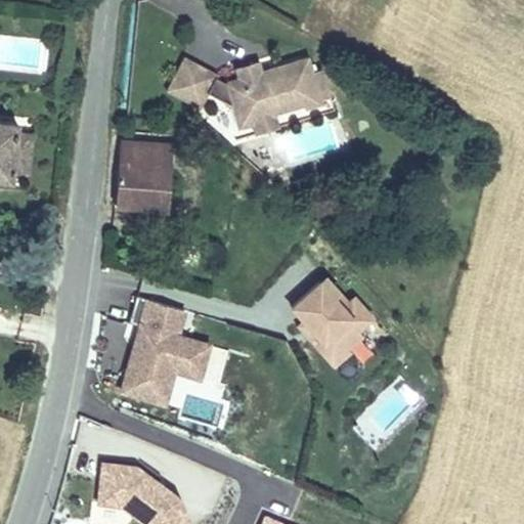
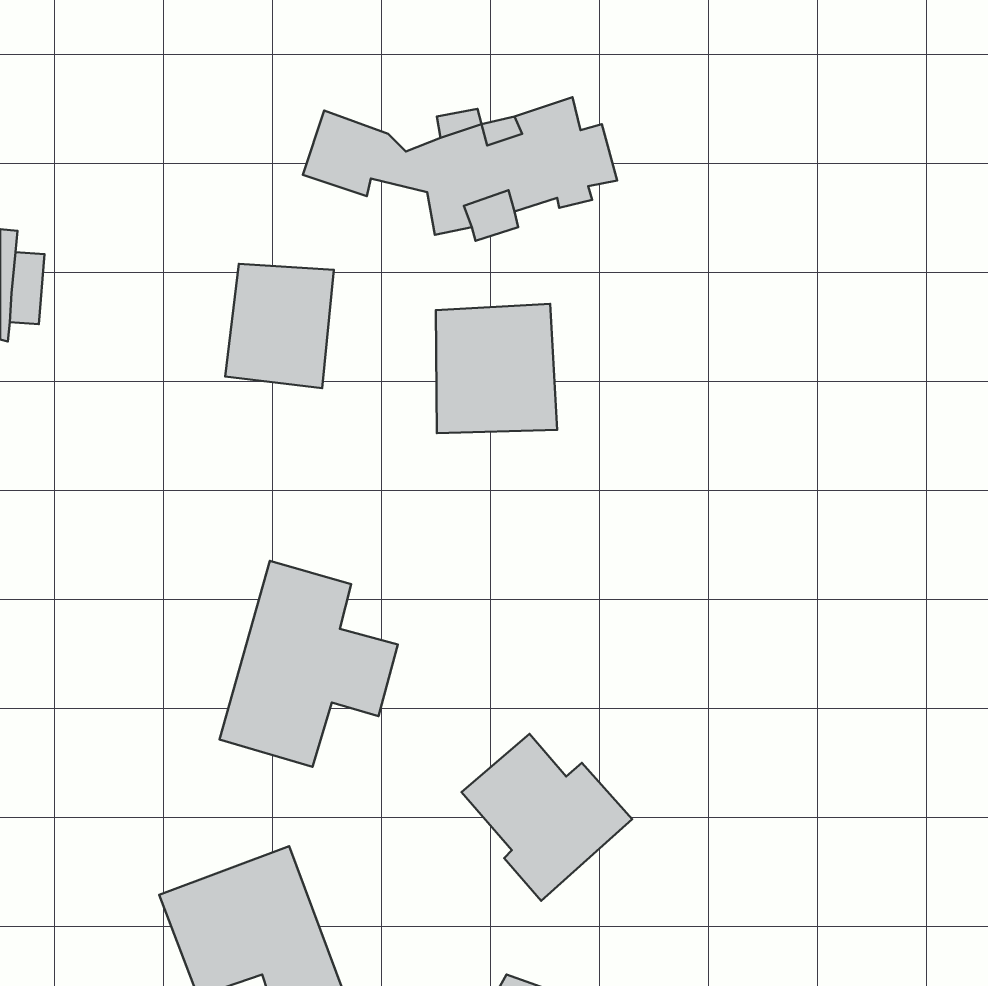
building: none -> [436,304,557,433]
building: [291,289,381,377] -> [461,734,632,901]

